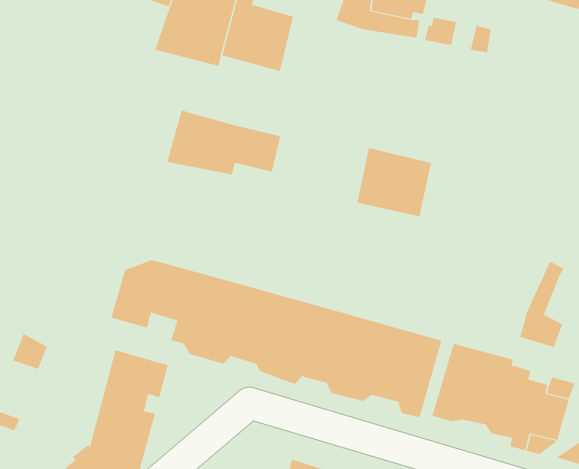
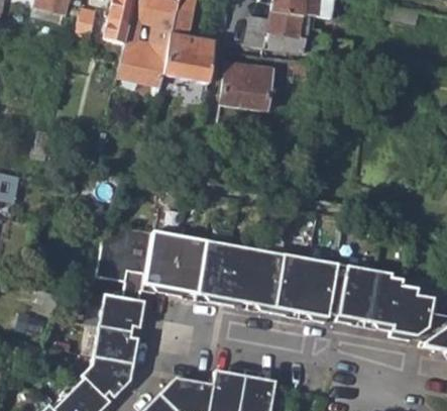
building: [167,109,281,175] -> none
building: [356,147,432,217] -> [220,63,271,109]
building: [520,261,564,348] -> none

